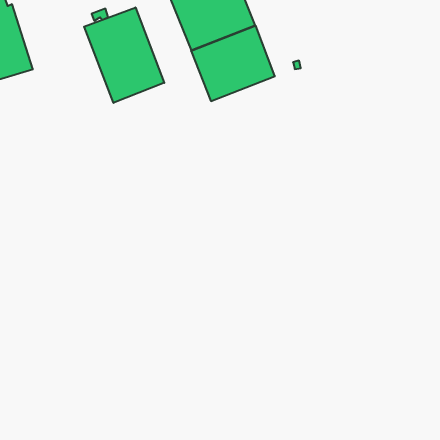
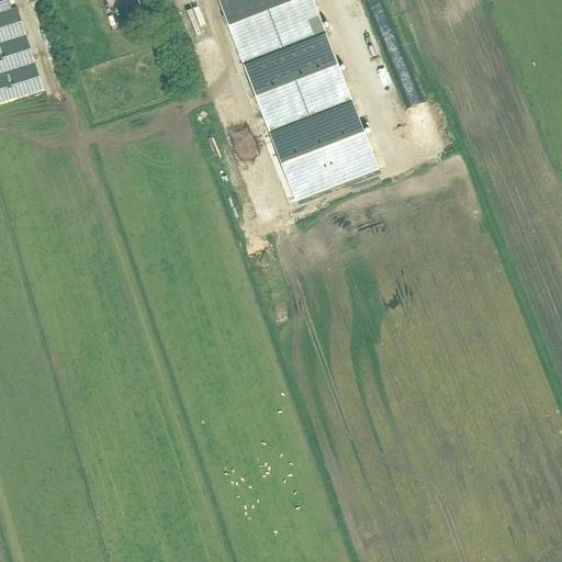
building: [84,7,164,103] -> none
building: none -> [268,99,376,200]

